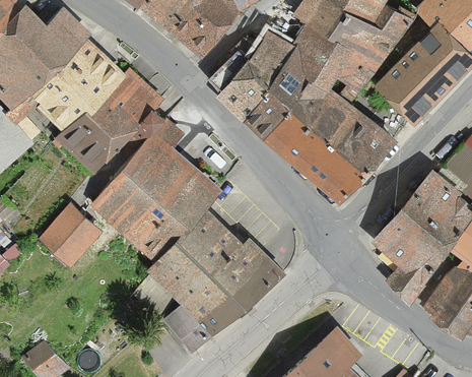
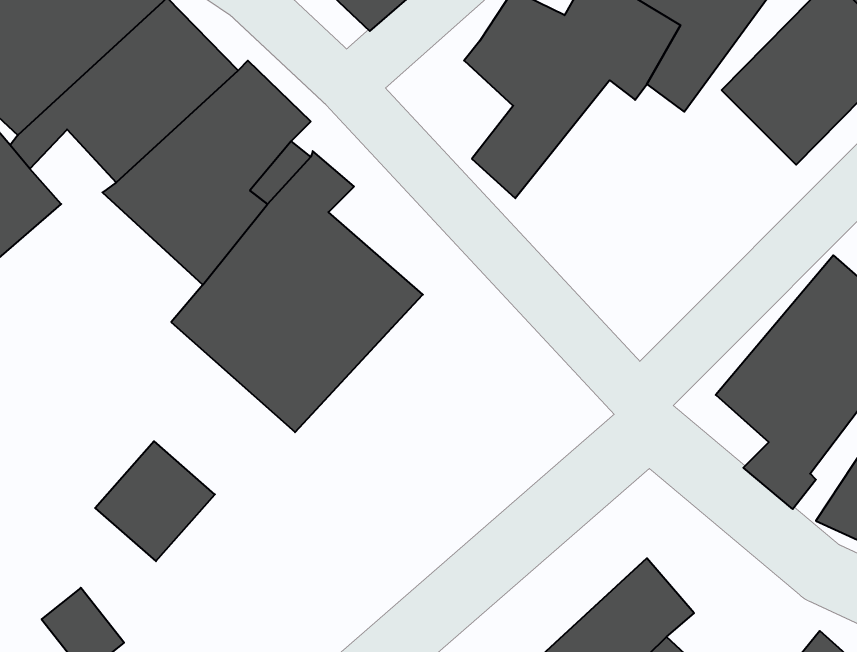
building: [210,48,268,120] -> none
building: [269,79,397,203] -> none
building: [40,204,102,266] -> [95,441,215,561]
building: [146,207,284,351] -> none

